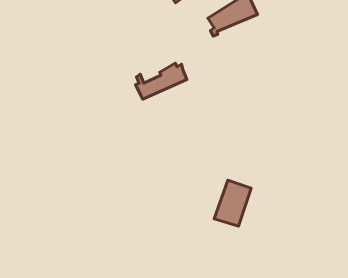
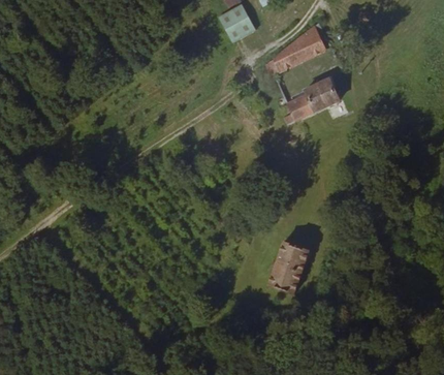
building: [136,63,187,99] -> [281,74,340,116]

